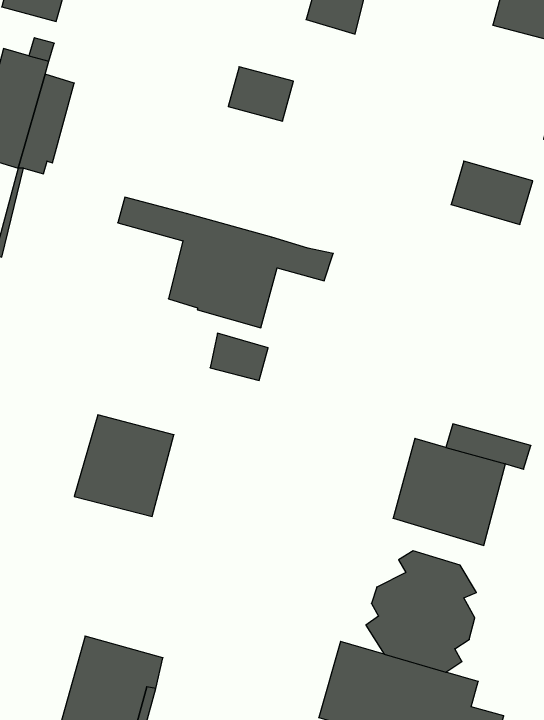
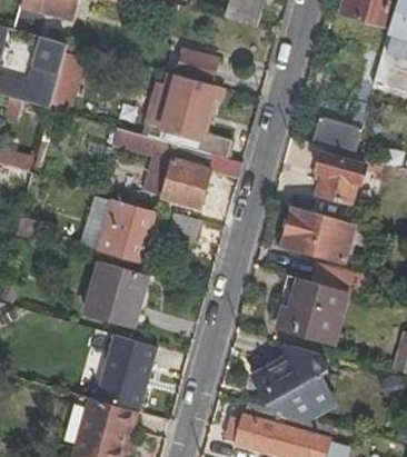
building: none -> [139,71,231,159]
building: none -> [305,148,357,200]
building: none -> [75,193,151,258]
building: none -> [281,207,355,262]
building: none -> [92,334,155,410]

